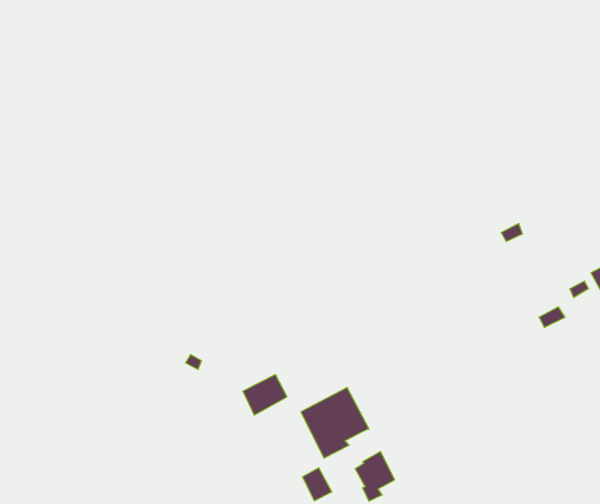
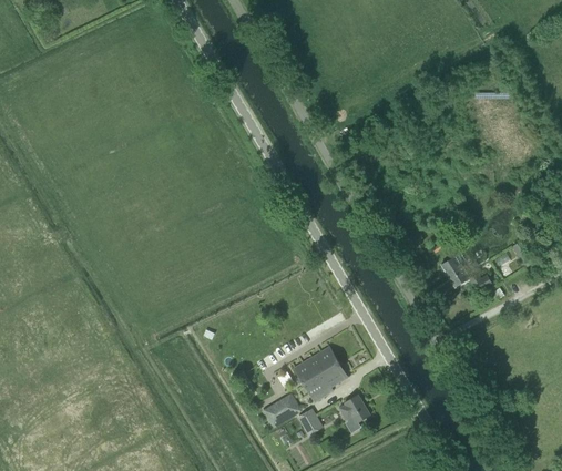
building: none -> [441,252,470,287]
building: [243,375,287,415] -> [263,396,297,428]

